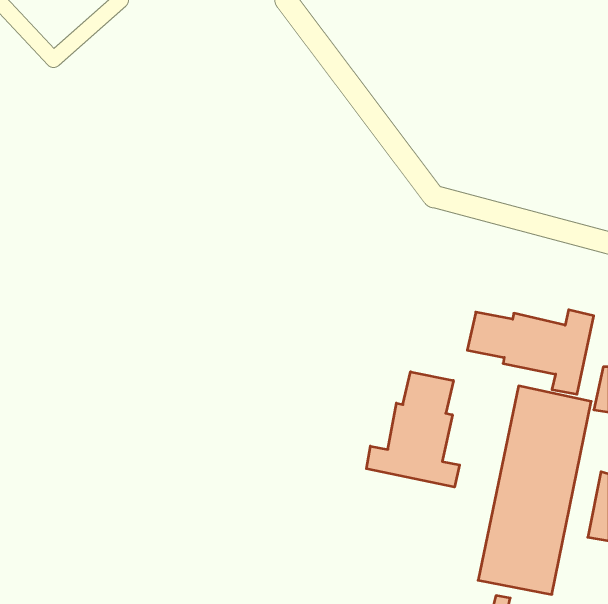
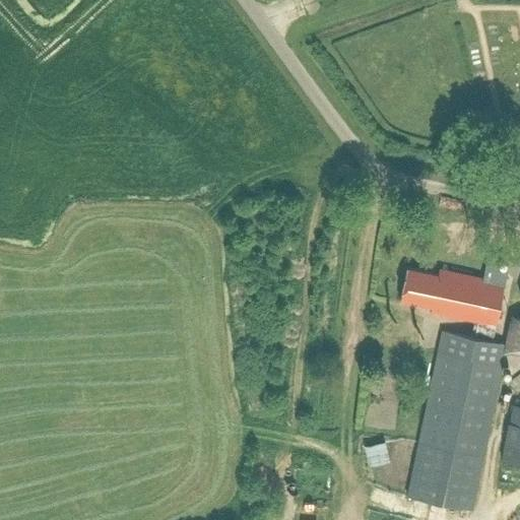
building: [366,372,460,487] -> none

